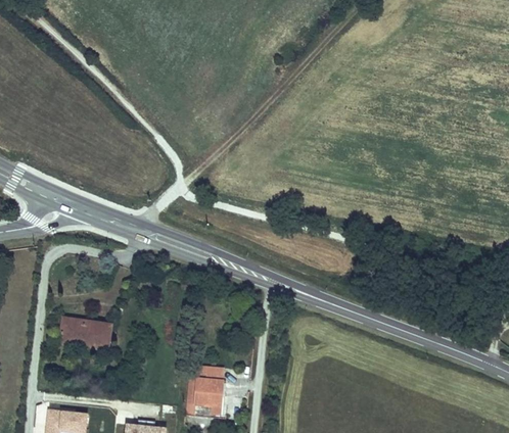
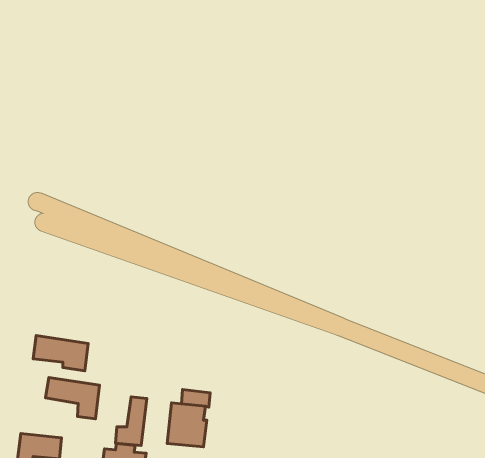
building: none -> [46,378,99,419]
building: none -> [115,397,147,446]

